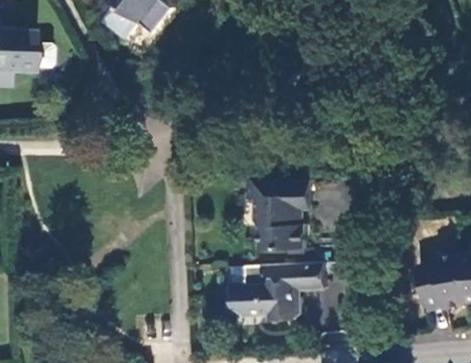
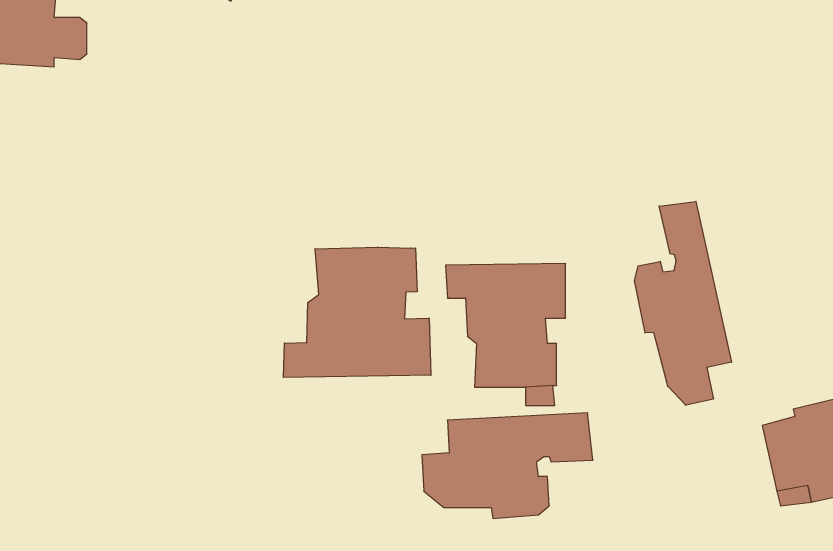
building: none -> [635,201,732,405]
building: none -> [284,247,431,377]

